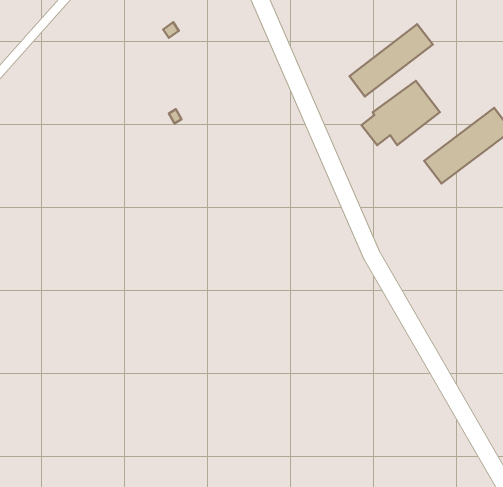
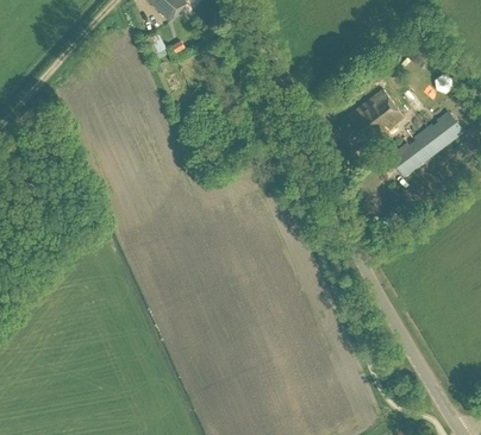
building: [349,24,433,96] -> none

